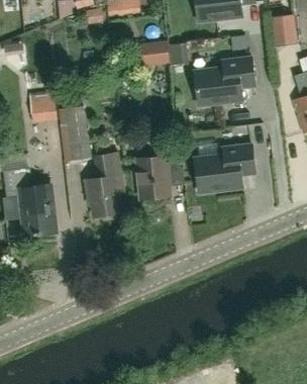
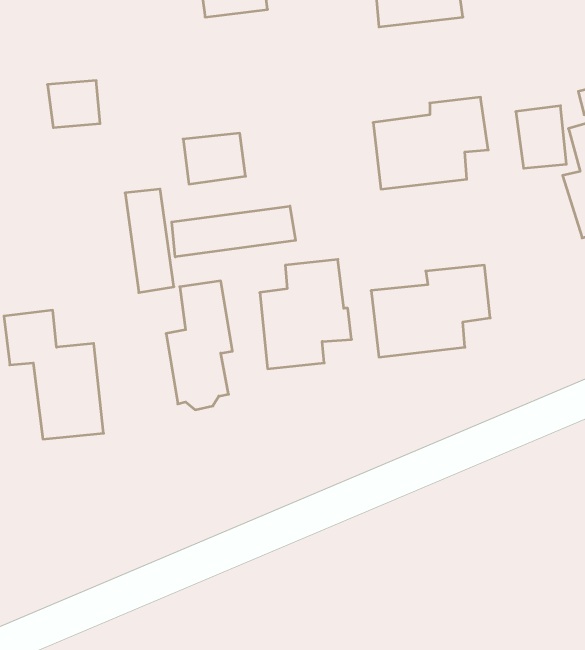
building: [270,13,296,45] -> [516,106,566,168]
building: [136,40,169,67] -> [183,133,246,184]
building: [29,97,57,121] -> [47,81,100,128]
building: none -> [172,206,296,257]

